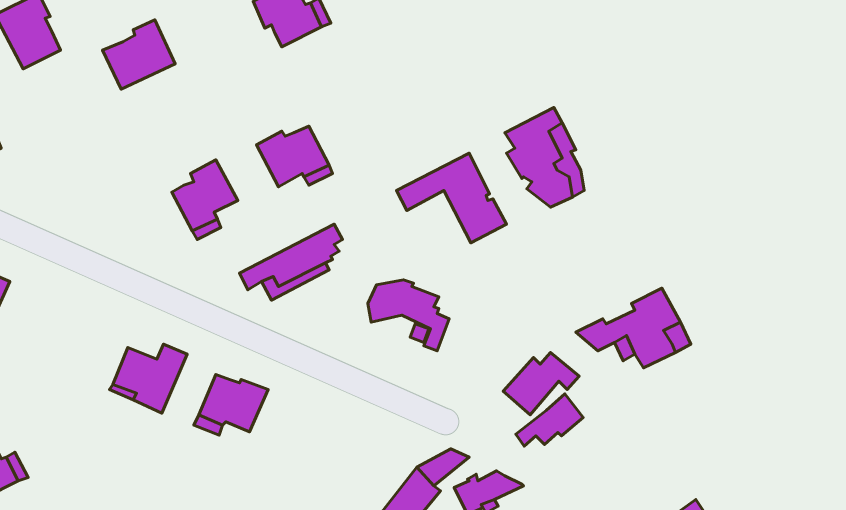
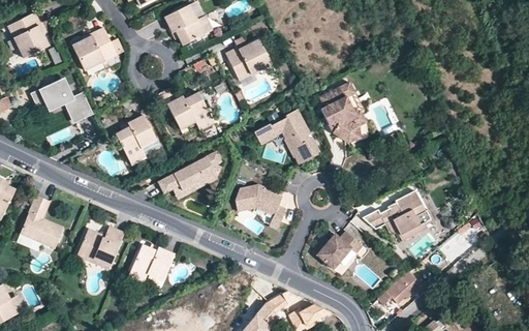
building: none -> [225,39,272,78]
building: none -> [30,83,93,122]
building: none -> [20,194,63,246]
building: [516,394,583,446] -> [379,273,421,305]

